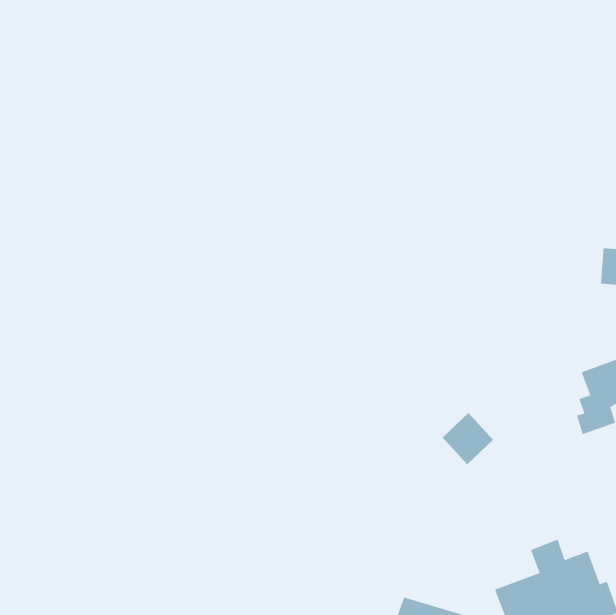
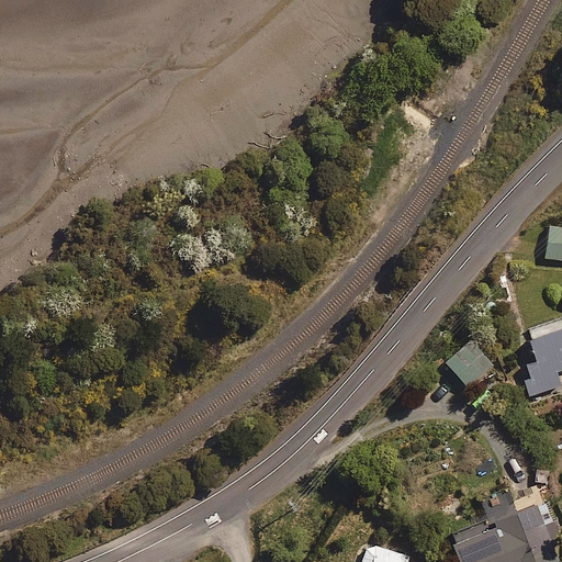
building: [442,412,494,465] -> [446,339,493,387]

